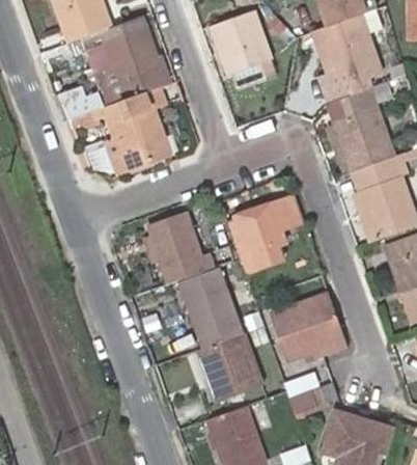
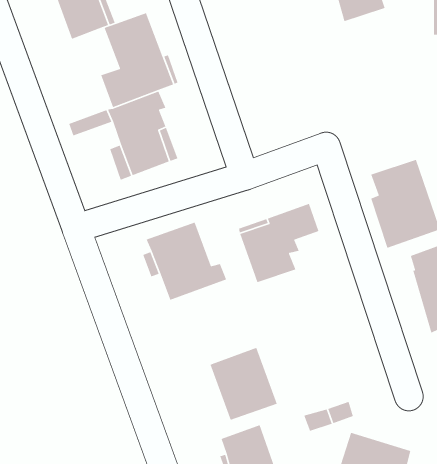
building: [214,10,272,74] -> none
building: [313,12,384,90] -> none
building: [328,86,394,168] -> none
building: [178,270,244,347] -> none
building: [271,294,345,359] -> none

